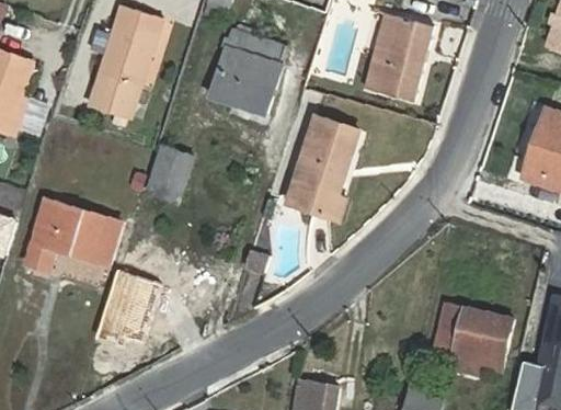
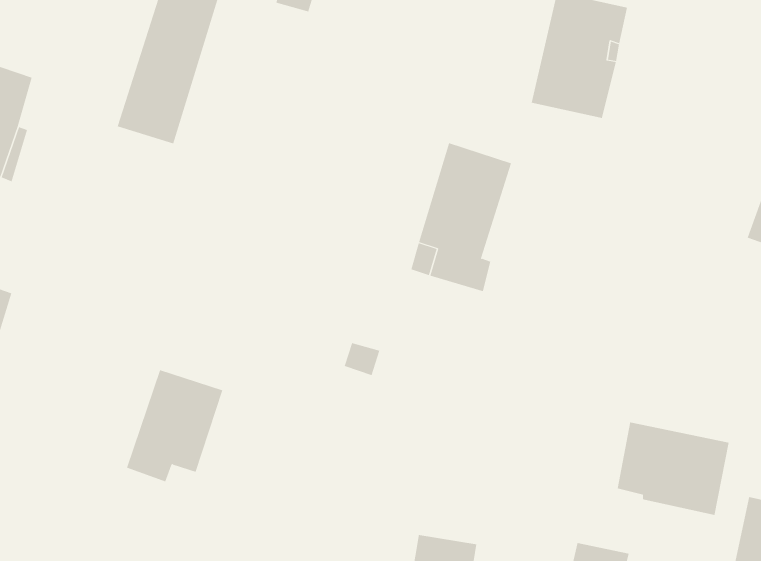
building: [207,27,282,114] -> none
building: [146,147,192,203] -> none
building: [31,202,125,272] -> none

